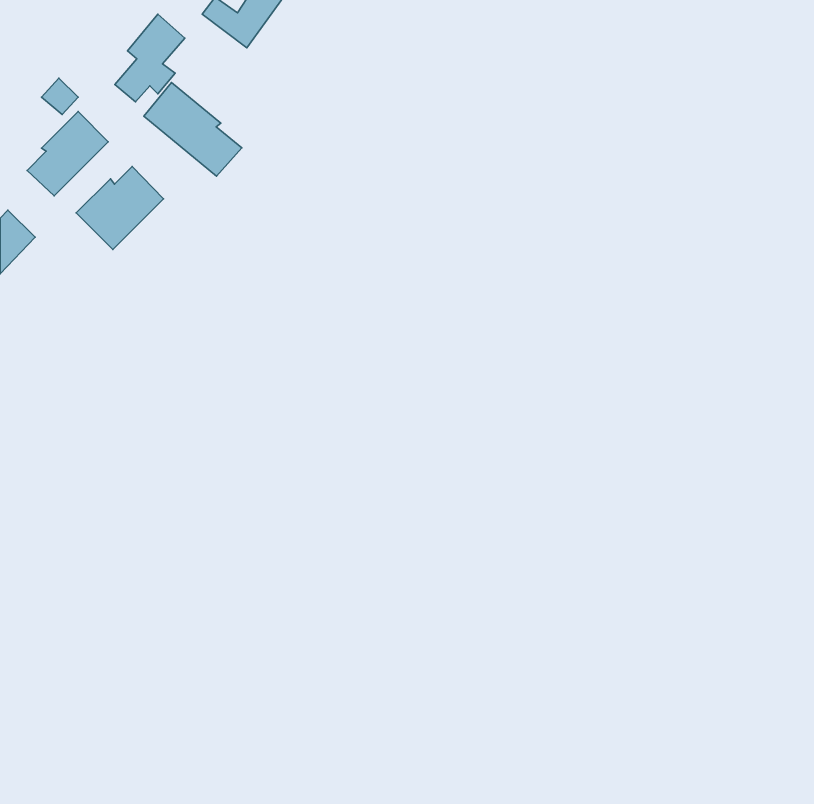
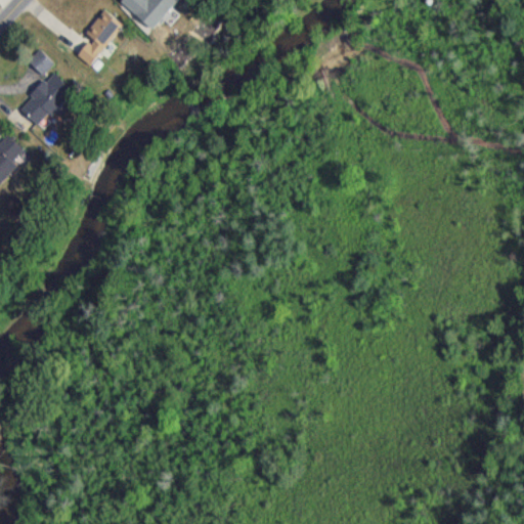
building: [144,82,242,176] -> none
building: [76,166,163,250] -> none

